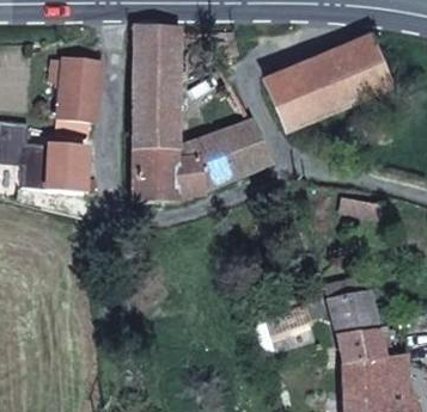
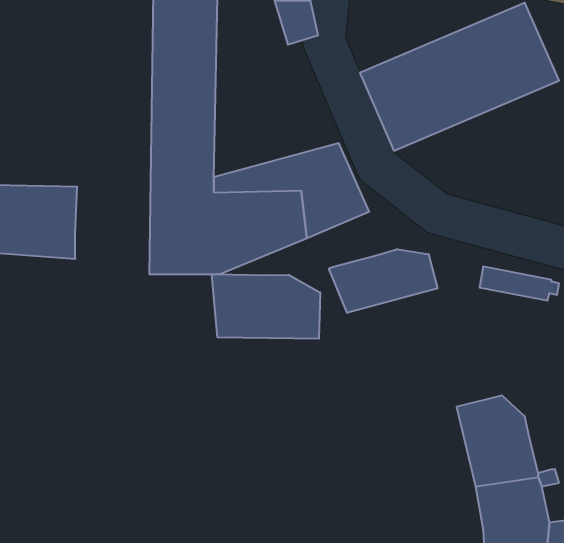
building: [59,59,102,123] -> none
building: none -> [329,249,437,313]
building: none -> [212,274,320,339]

